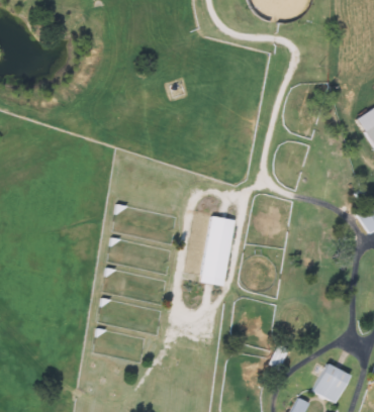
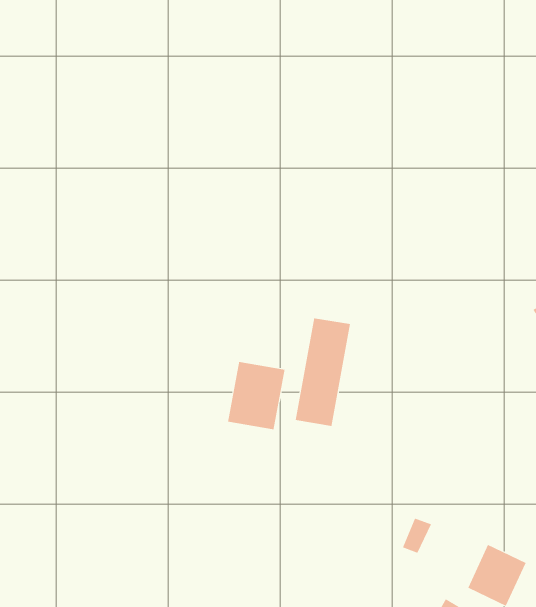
building: none -> [228,361,285,430]

